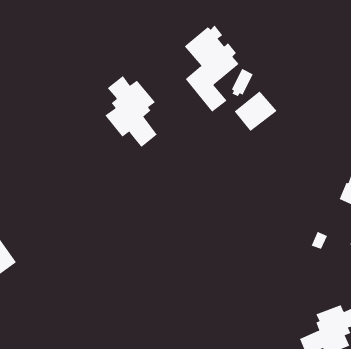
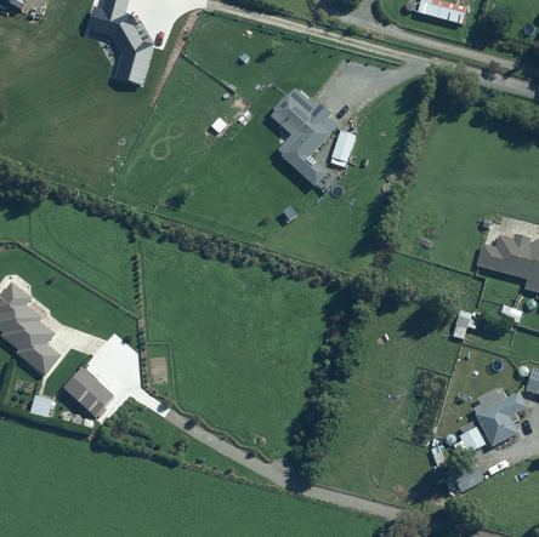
building: [104,75,157,148] -> none
building: [234,90,277,132] -> none

